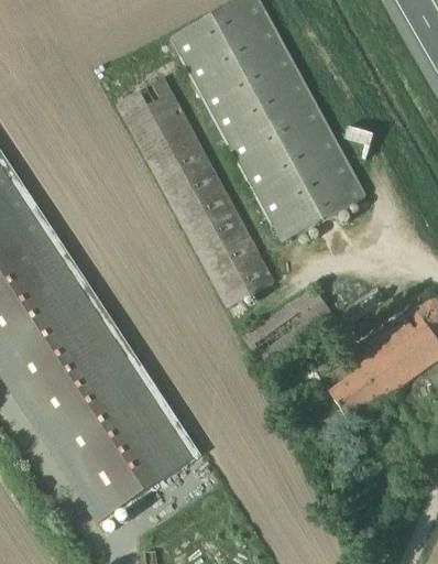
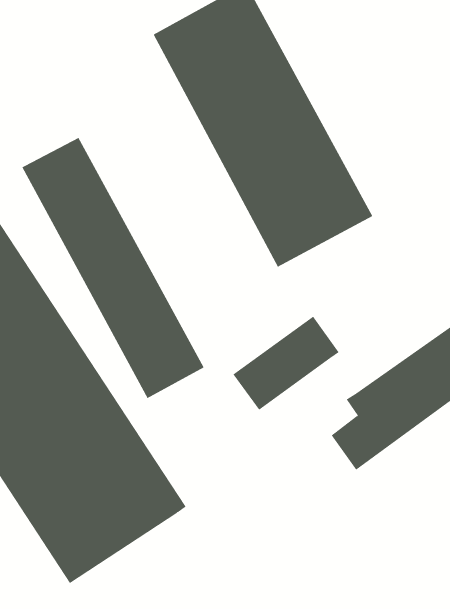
building: [113,77,275,308] -> [22,137,204,399]

